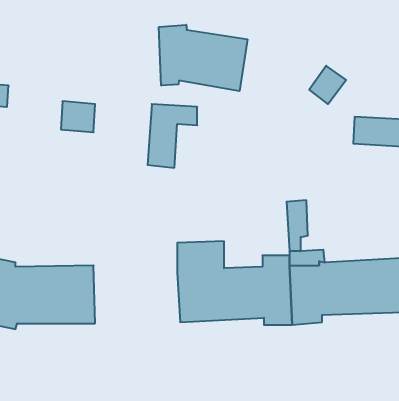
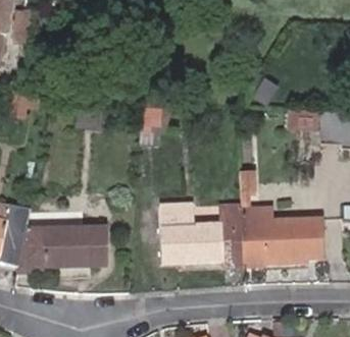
building: [159,25,247,91] -> none

